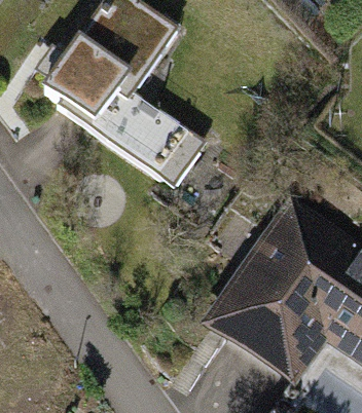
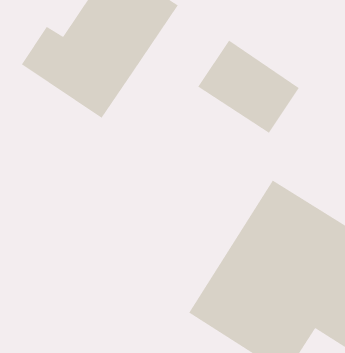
building: [107,92,210,187] -> [197,40,300,134]

